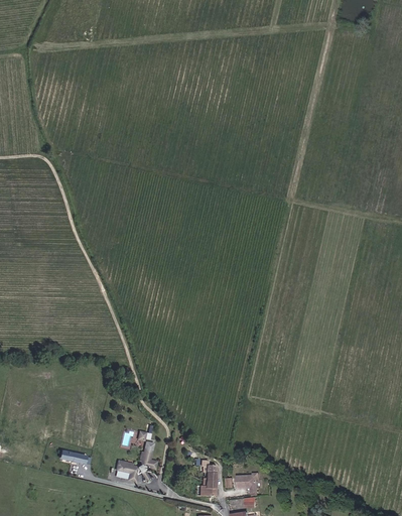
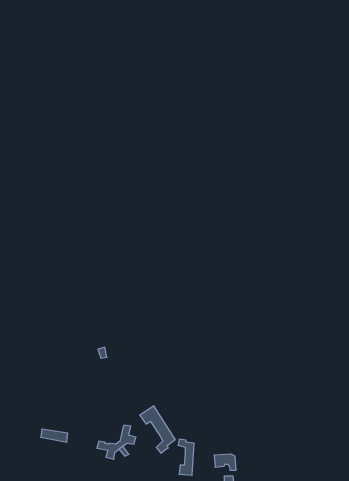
building: none -> [140,406,175,453]

